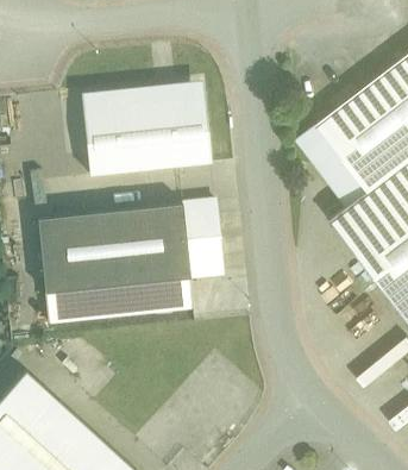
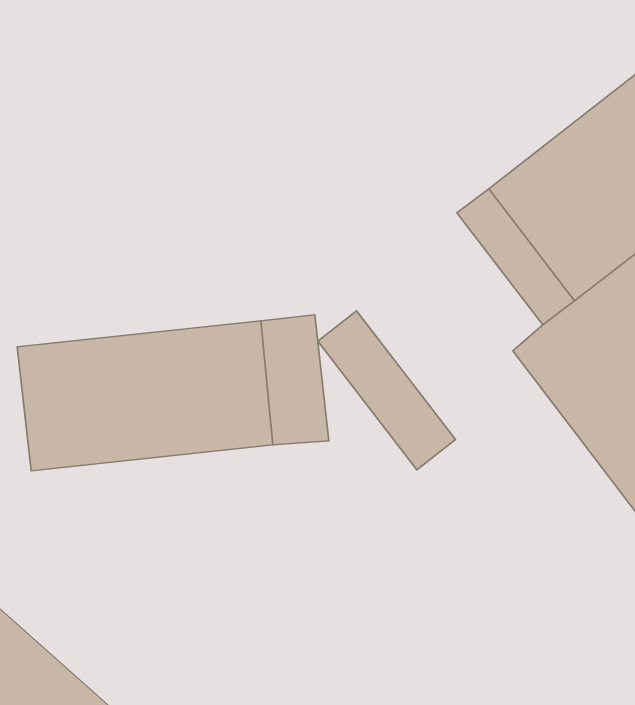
building: [82,84,214,182] -> none
building: none -> [318,311,455,470]
building: [45,276,193,321] -> none

